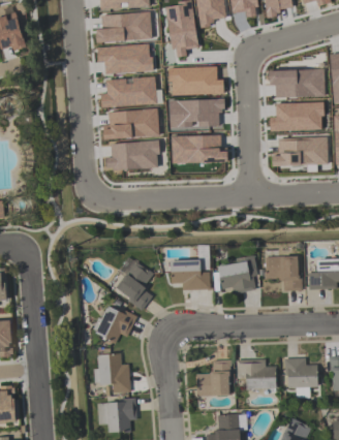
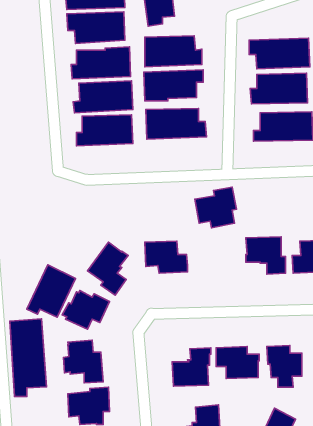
building: [218,254,257,292] -> [195,187,237,228]
building: none -> [27,265,76,317]
building: none -> [10,319,46,397]

